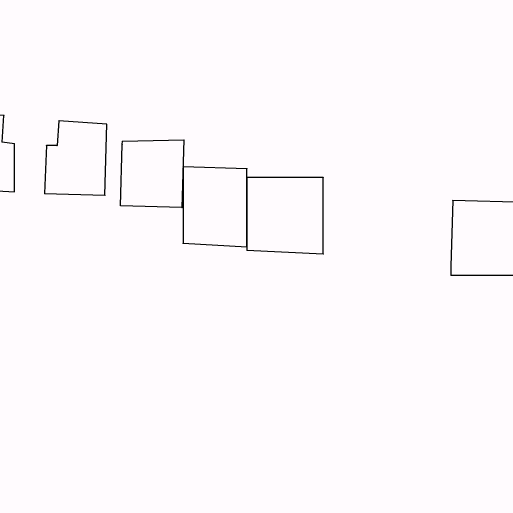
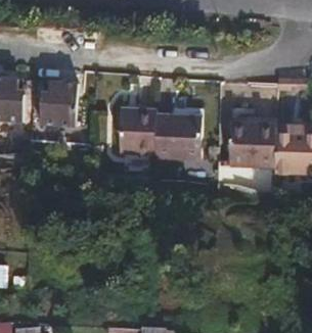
building: [121,140,184,208] -> none
building: none -> [227,121,273,165]

